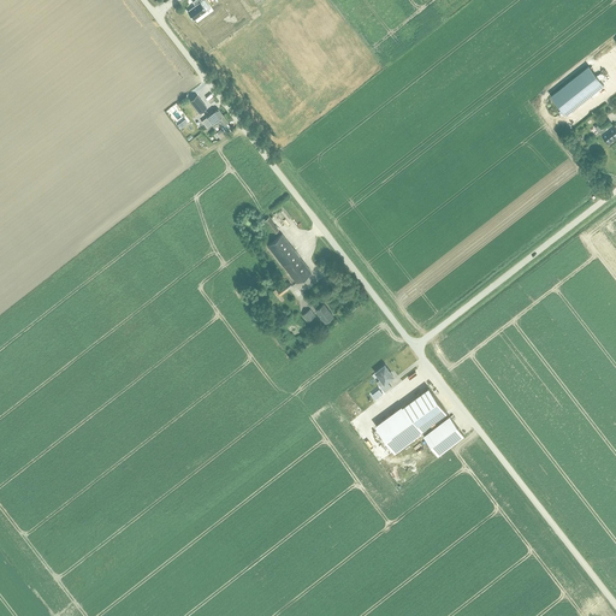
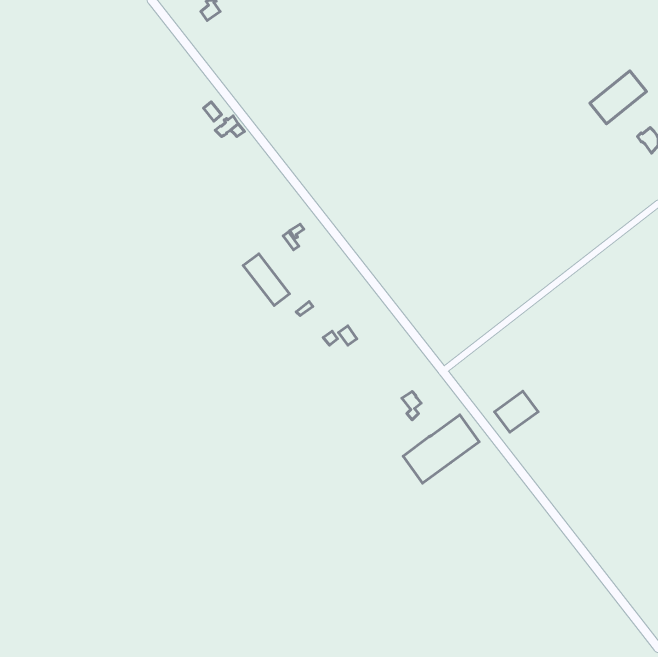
building: [267,236,310,284] -> [243,254,290,305]
building: [424,417,464,456] -> [494,391,538,432]

